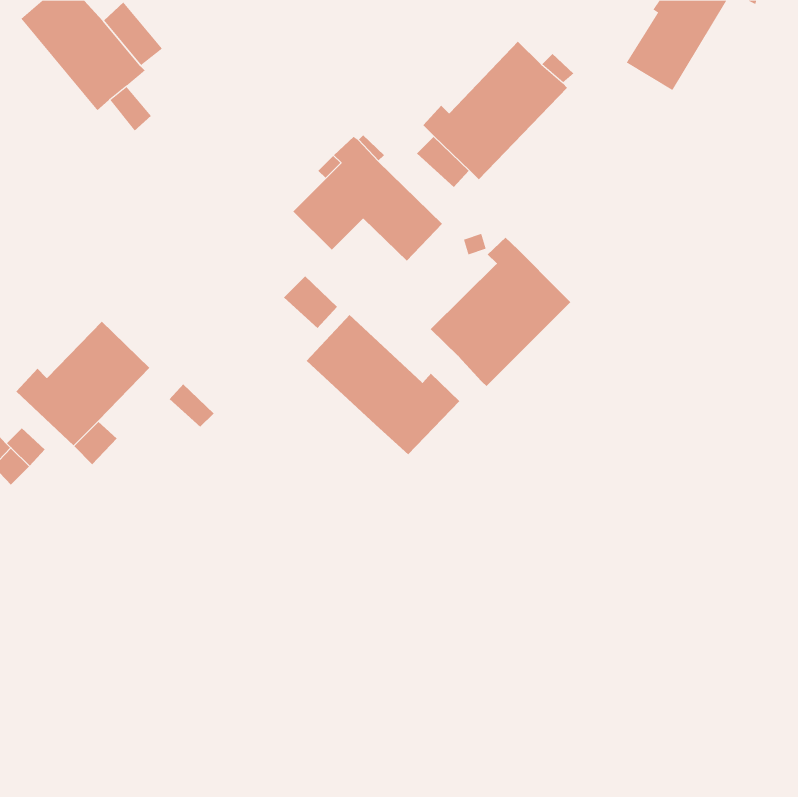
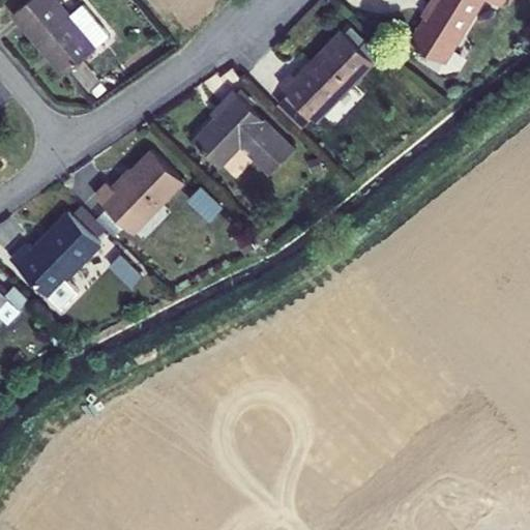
building: none -> [94,151,184,232]
building: [430,237,571,387] -> none
building: [306,314,460,455] -> none

